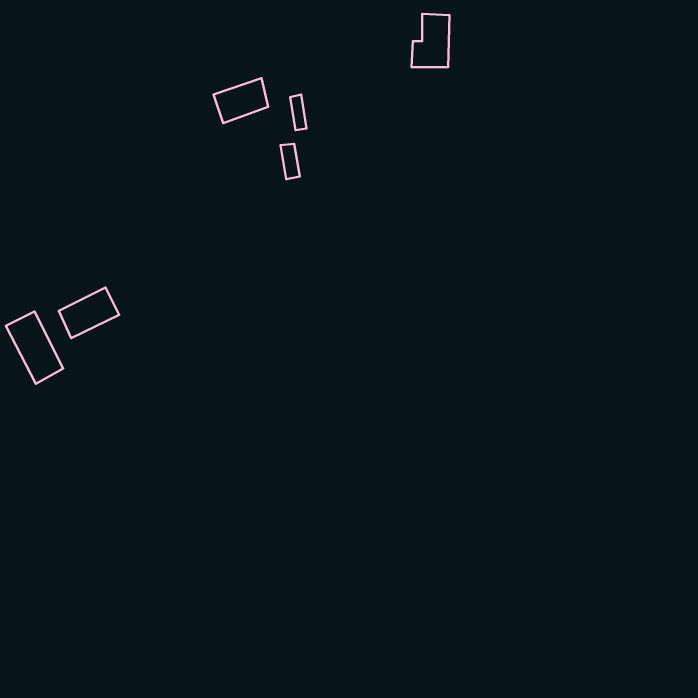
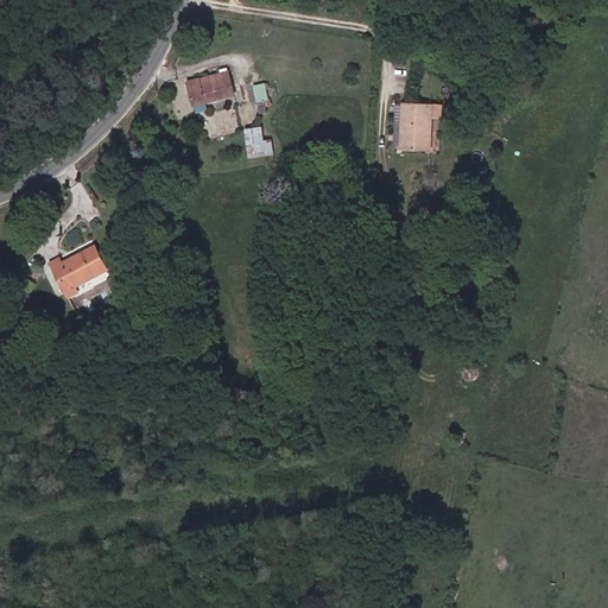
building: [411,14,450,67] -> [397,95,430,141]
building: [6,311,63,384] -> none

